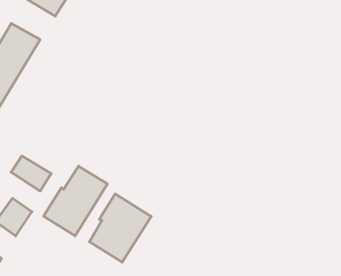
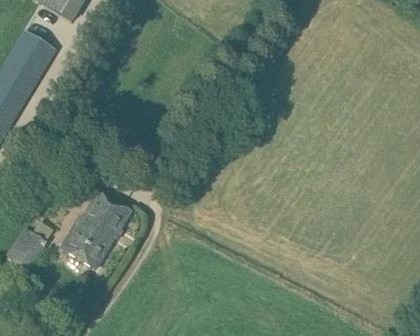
building: [11,156,51,191] -> none
building: [89,194,151,262] -> none

